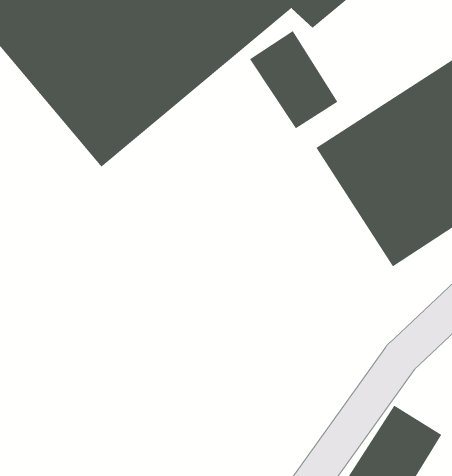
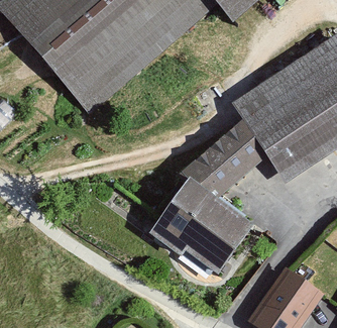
building: [249,30,338,129] -> none
building: none -> [146,128,261,268]

